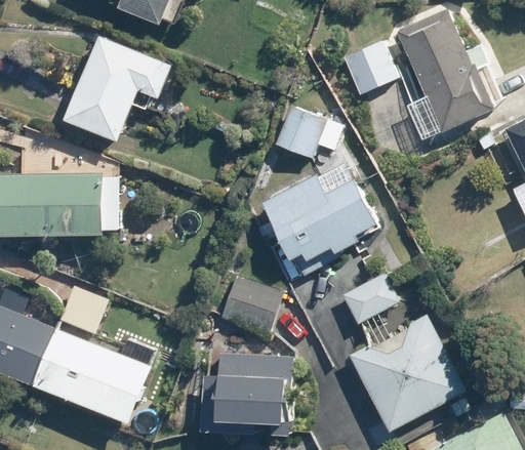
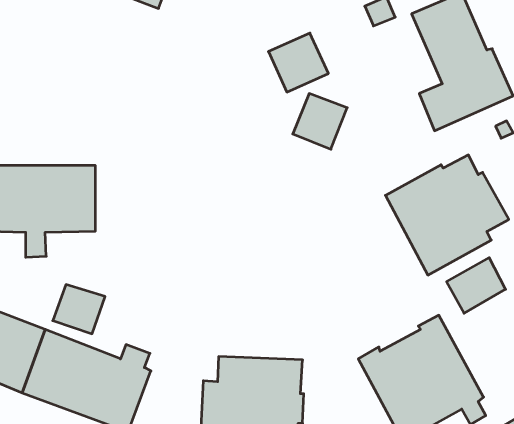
building: [83,35,192,139] -> none
building: [342,39,399,94] -> [268,33,328,92]
building: [259,165,375,278] -> [385,155,509,275]
building: [340,273,396,325] -> [447,258,506,313]
building: [223,275,286,332] -> none

